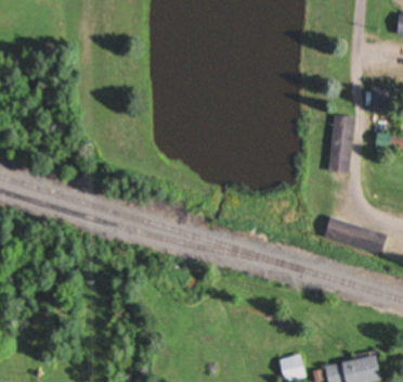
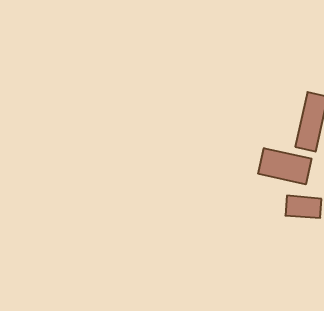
building: none -> [258,148,311,184]

